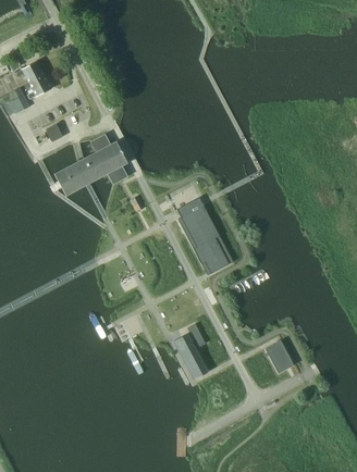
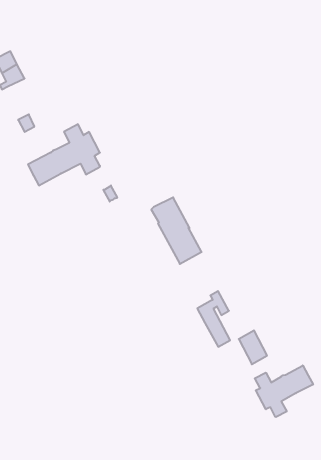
building: [174,323,207,378] -> [197,291,230,347]
building: none -> [255,365,313,417]

